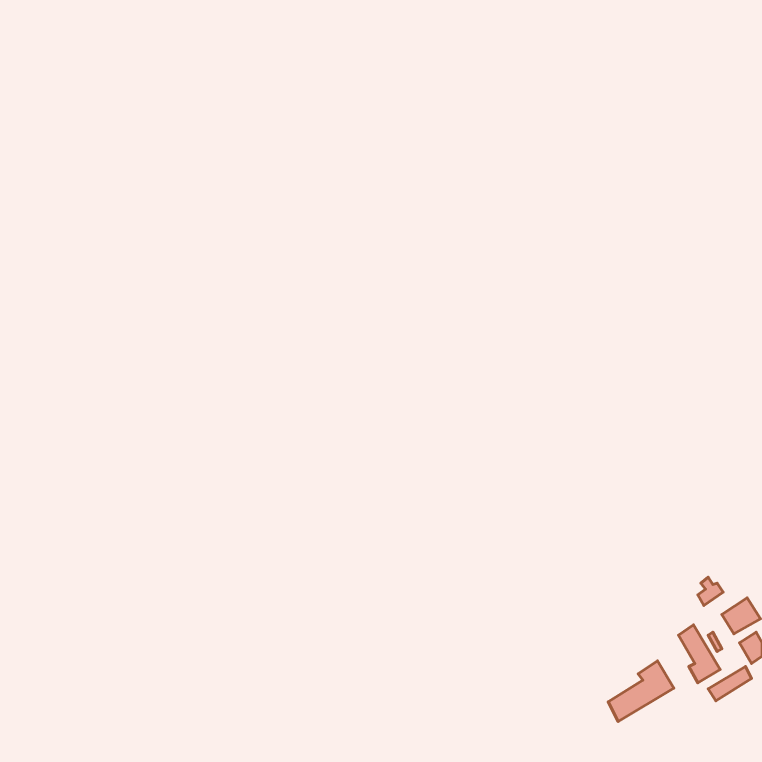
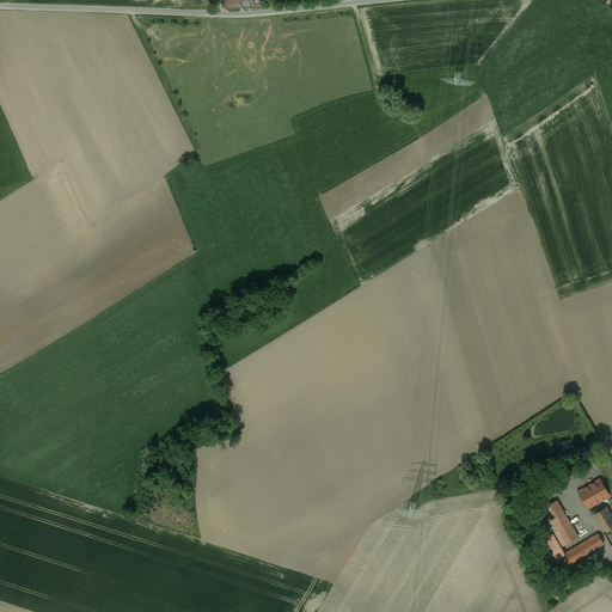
building: [608,661,674,722] -> none

